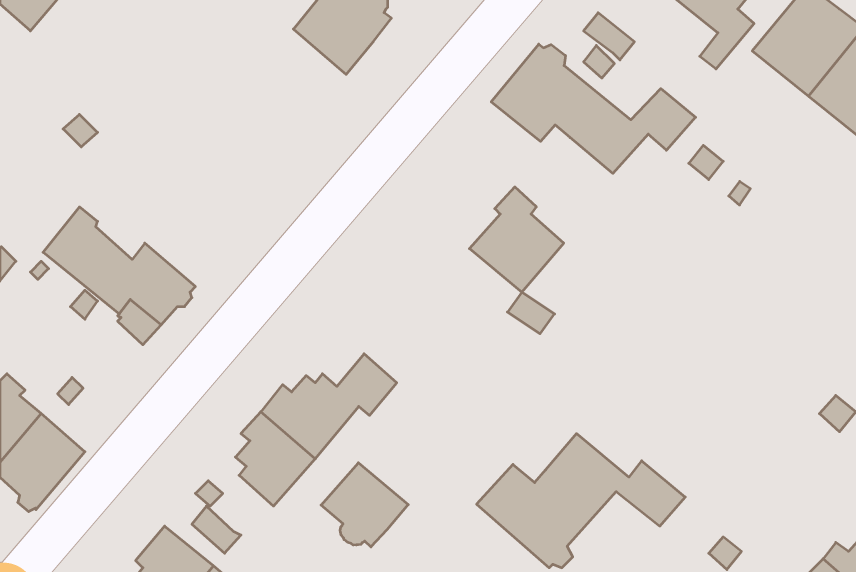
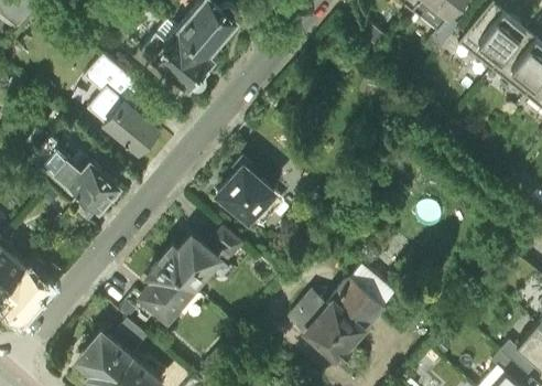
building: none -> [143,21,215,92]
building: [491,44,696,173] -> none
building: none -> [85,55,158,152]
building: [469,187,564,292] -> [217,154,274,218]
building: [321,463,408,547] -> none

